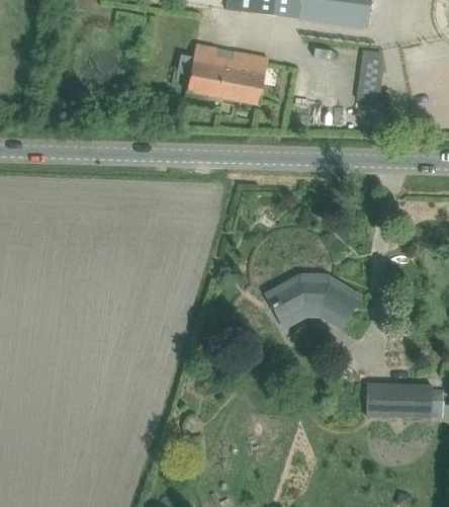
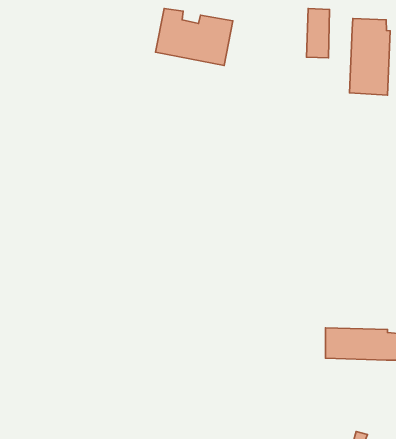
building: none -> [350,19,390,95]
building: [273,275,360,327] -> none

